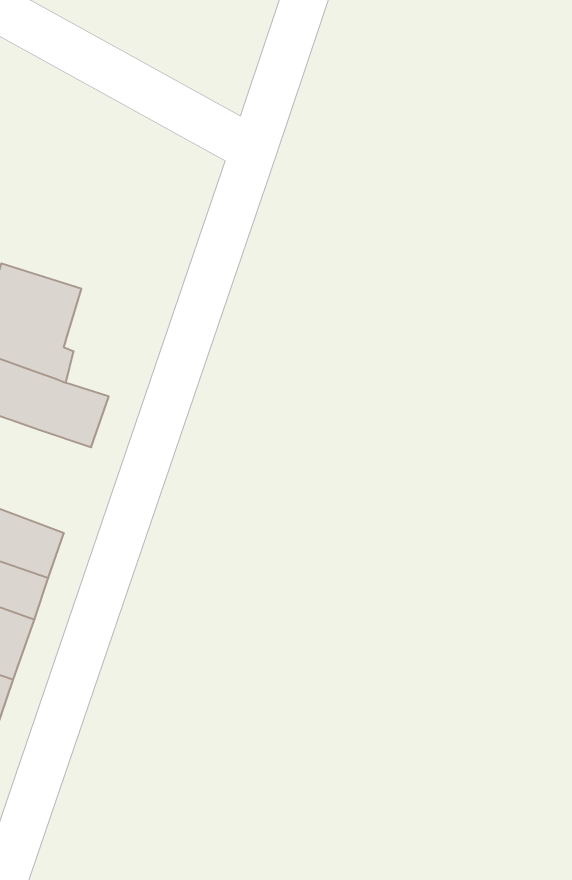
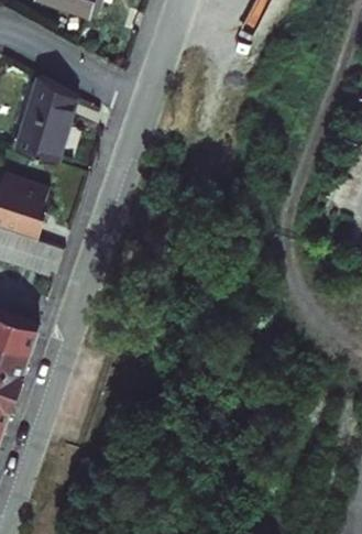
building: none -> [14,74,76,163]

